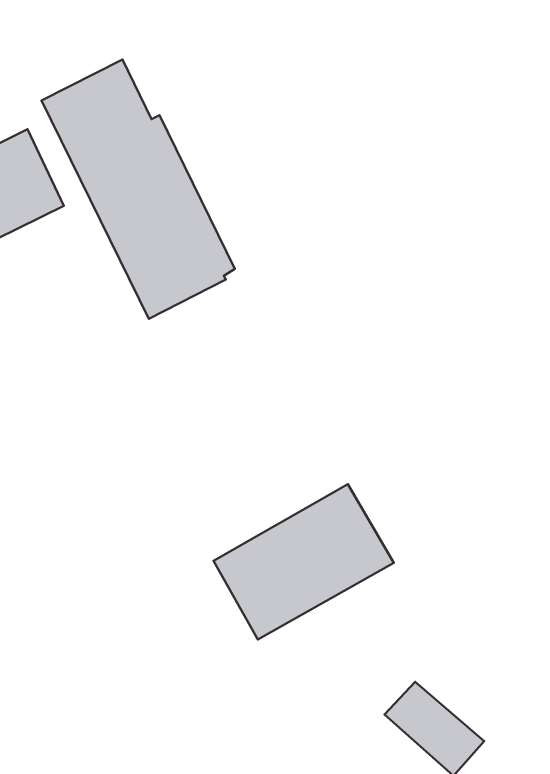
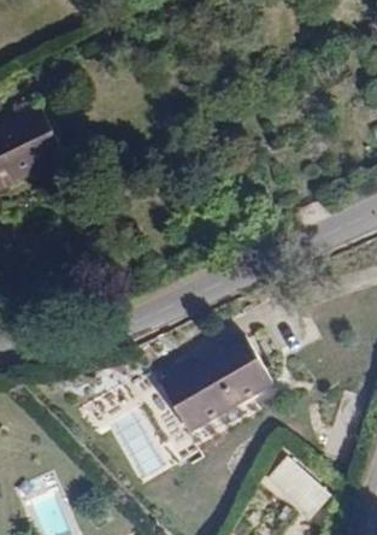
building: [42,60,235,319] -> none

